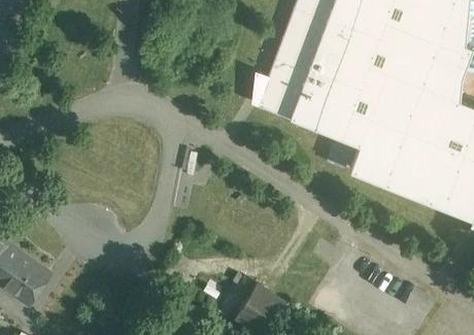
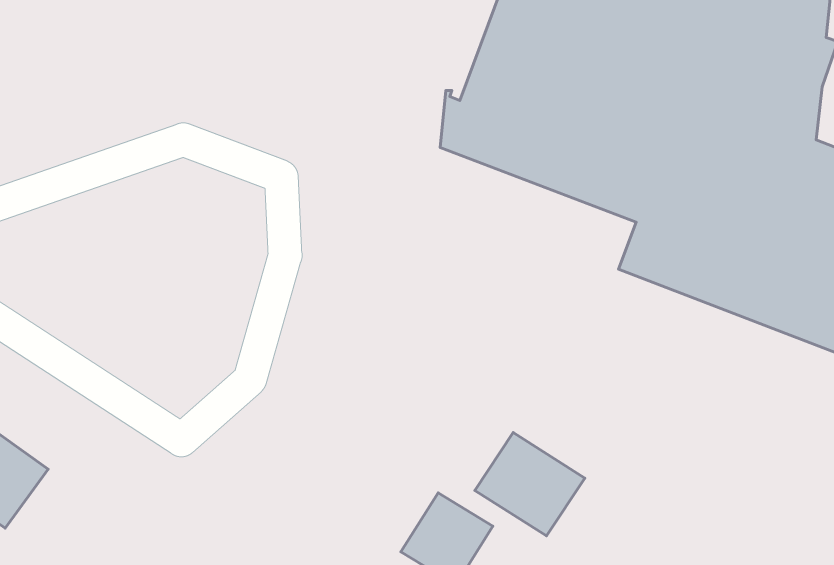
building: none -> [475,433,585,536]

